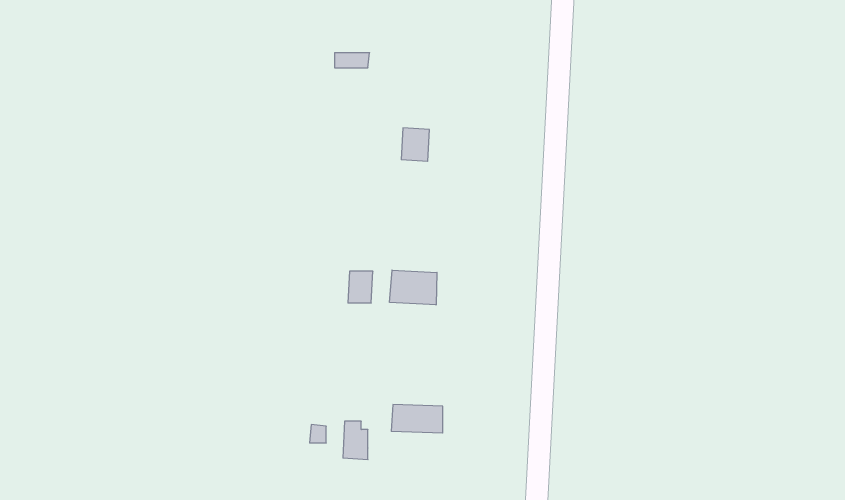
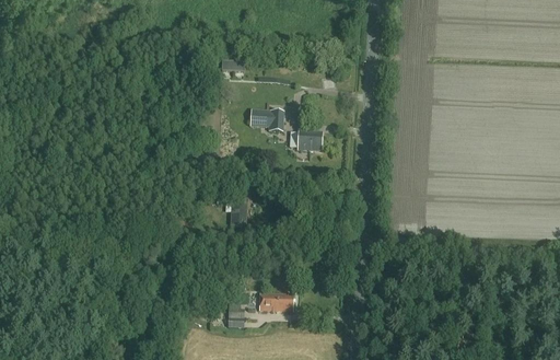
building: none -> [296,130,322,151]
building: [390,270,437,305] -> none

